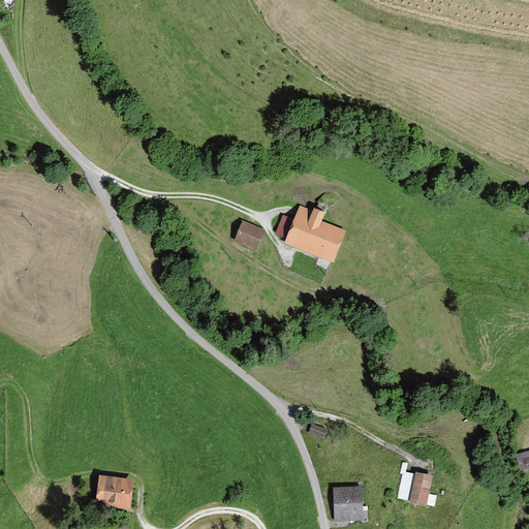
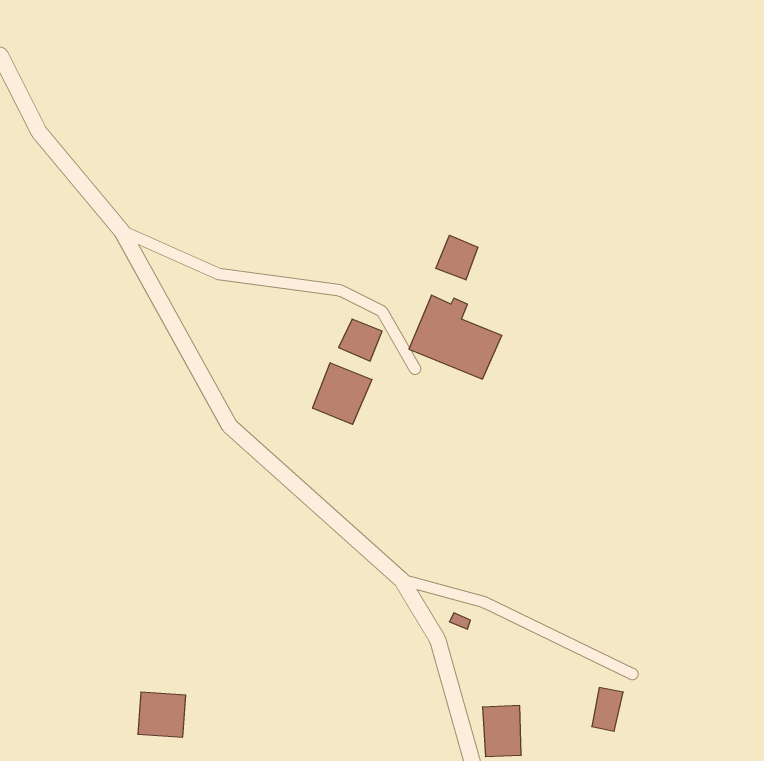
building: none -> [436,235,478,280]
building: none -> [313,363,372,424]

